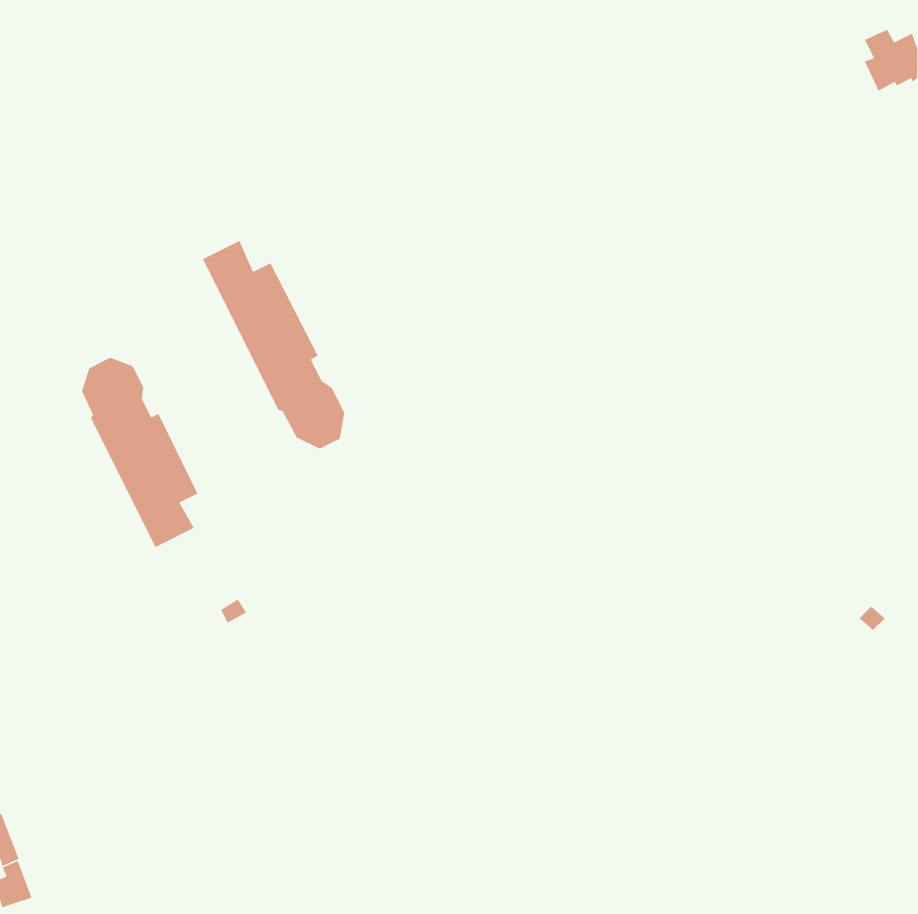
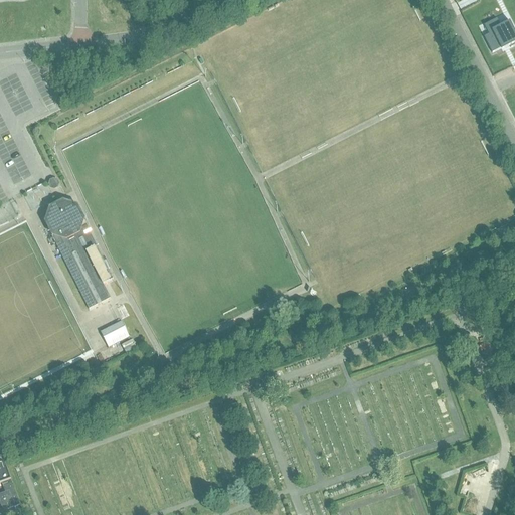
building: [202,240,345,450] -> none
building: none -> [99,318,128,344]

